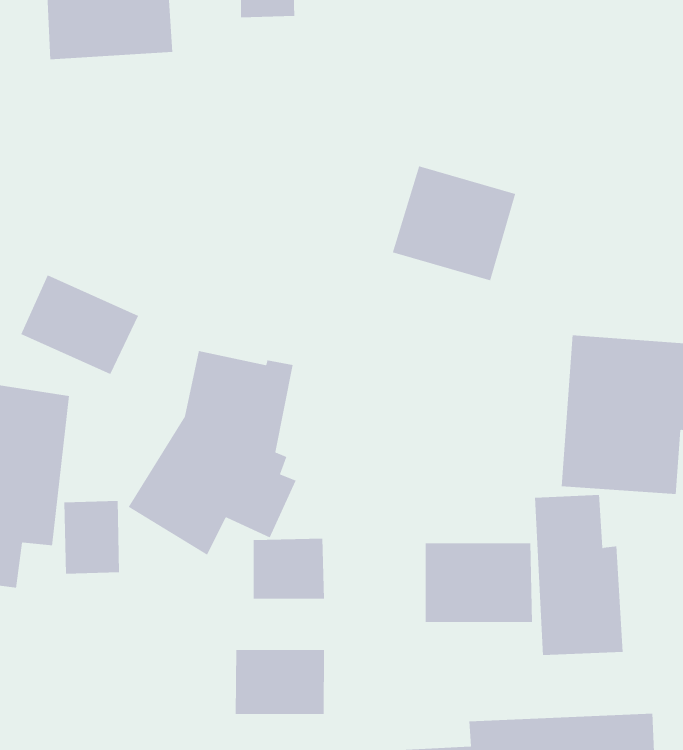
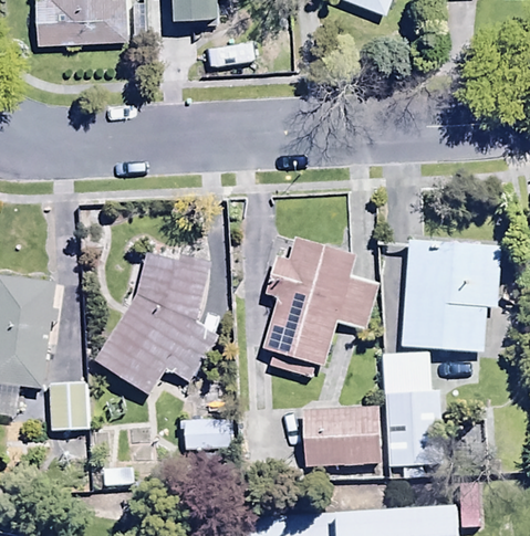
building: [392,166,516,281] -> none
building: [21,275,139,375] -> none
building: none -> [259,237,377,380]
building: [235,649,324,715] -> none

